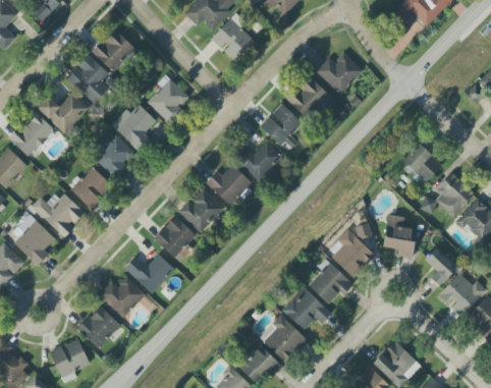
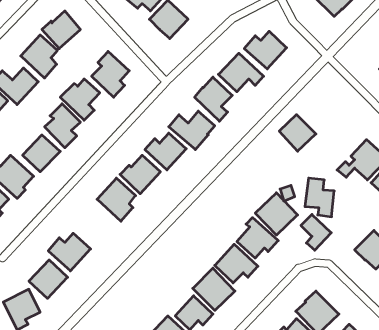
building: [400,144,441,184] -> [279,115,316,151]
building: [424,246,457,286] -> [301,214,331,250]
building: [124,254,174,293] -> none

